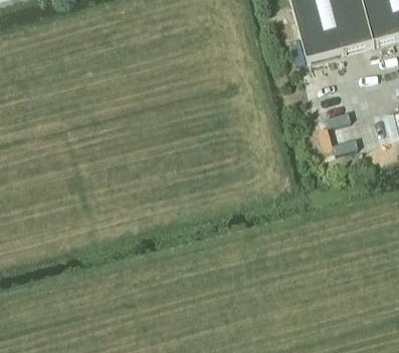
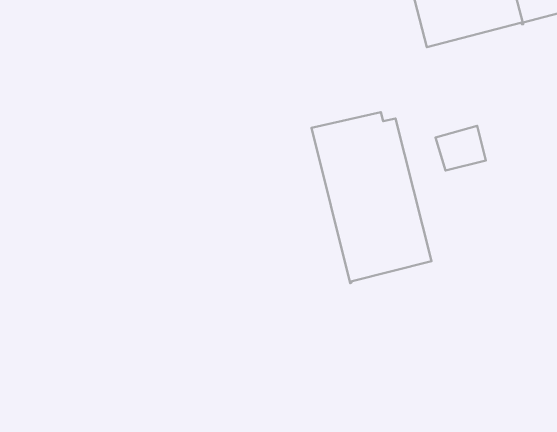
building: none -> [312,112,431,283]

